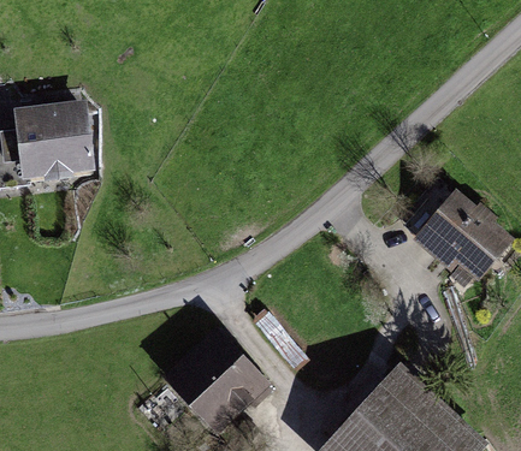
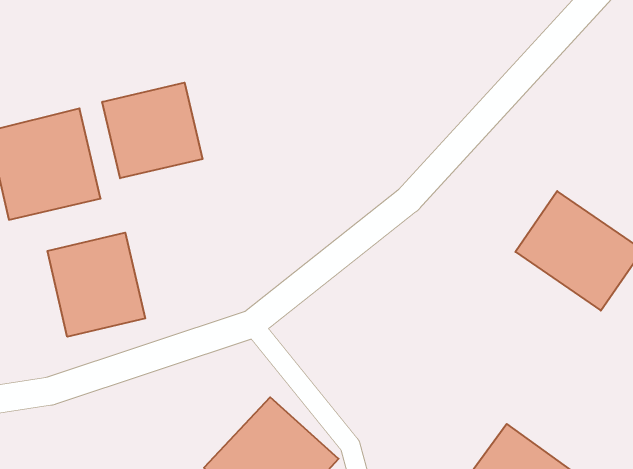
building: none -> [102,83,203,178]
building: none -> [47,233,145,337]

